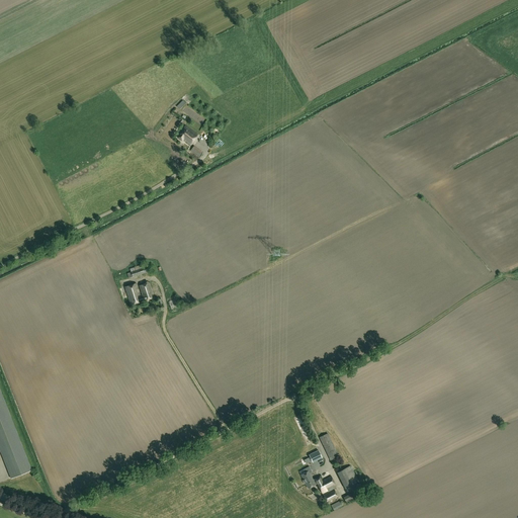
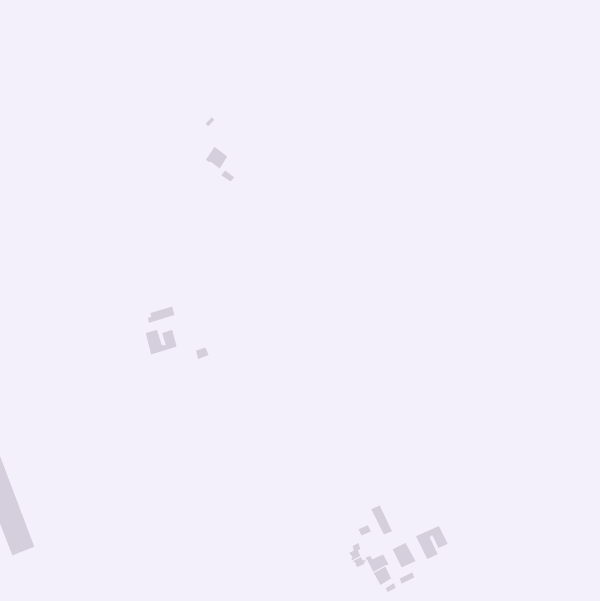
building: none -> [415,525,449,560]

